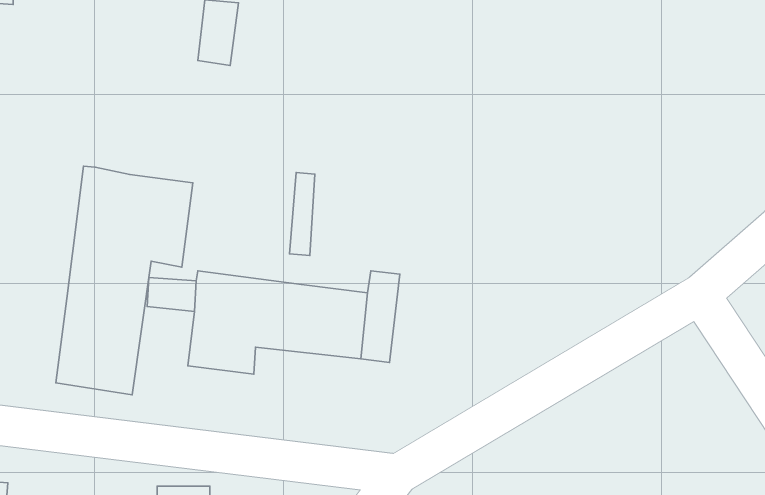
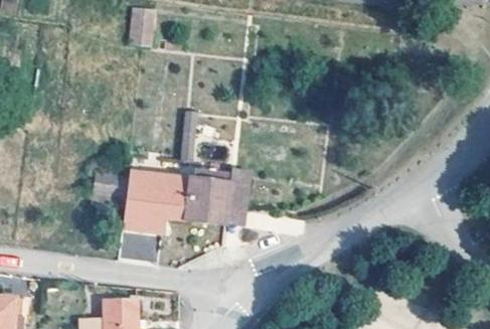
building: [56,166,193,395] -> none

